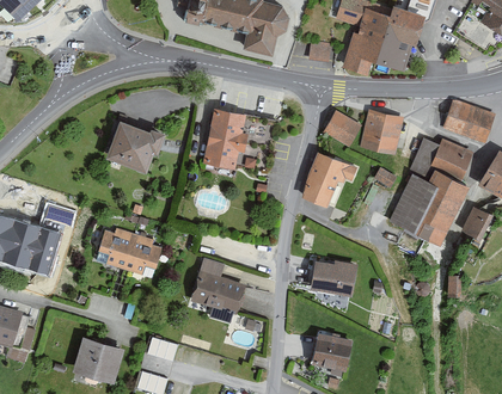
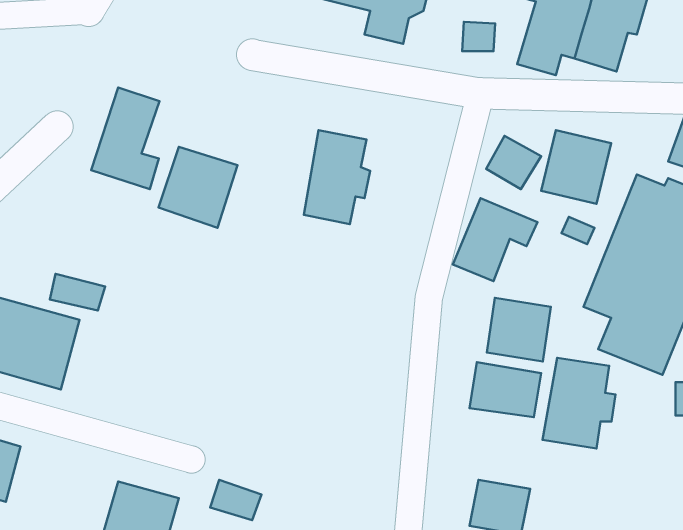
building: none -> [91,87,160,189]
building: none -> [487,298,551,362]
building: [96,229,165,273] -> none
building: none -> [542,358,616,448]
building: [191,257,246,313] -> none

